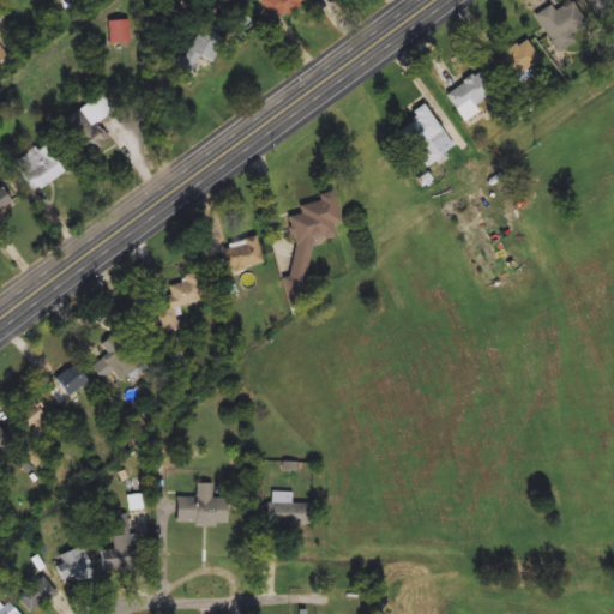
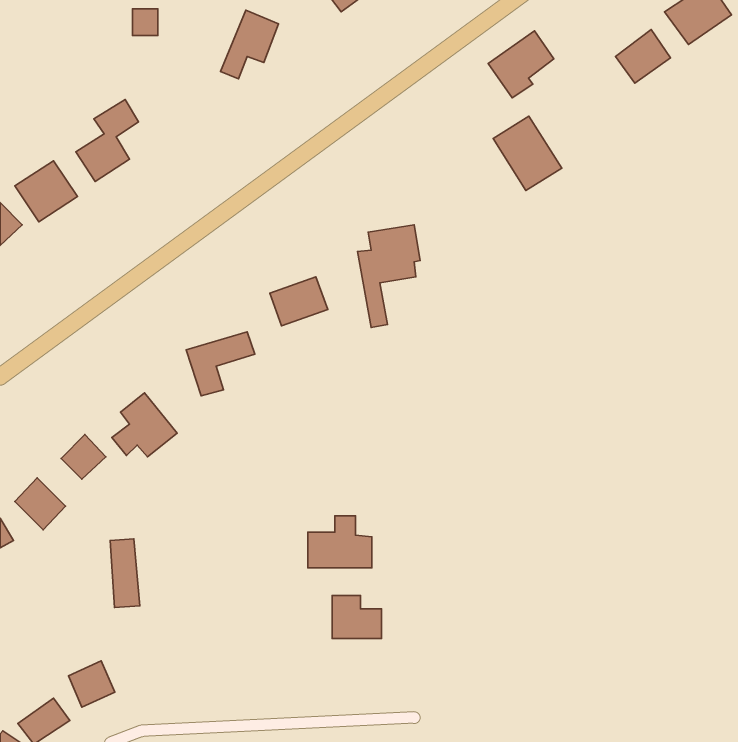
building: [445,67,498,121] -> [488,31,554,98]
building: [175,482,227,524] -> [308,516,372,568]
building: [110,513,134,568] -> [110,539,140,607]

